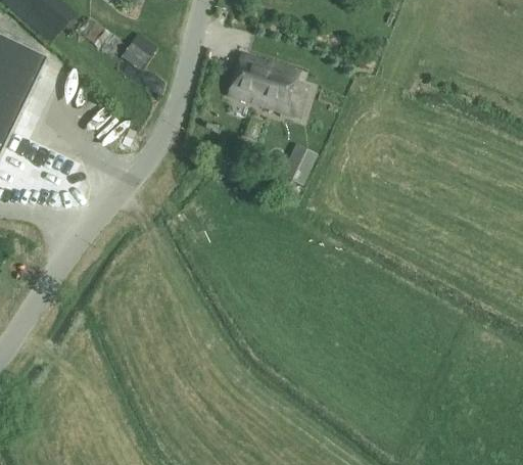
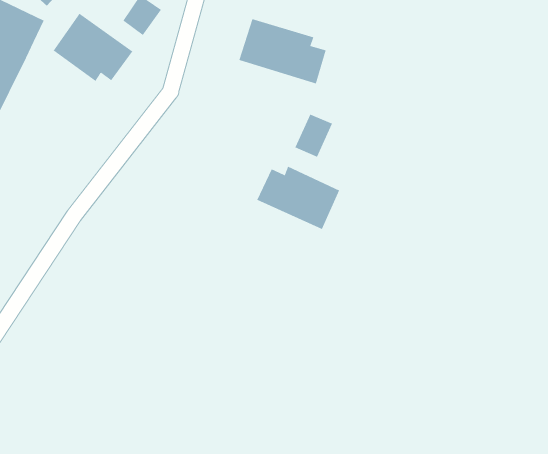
building: none -> [53,13,133,82]
building: none -> [257,166,340,230]

